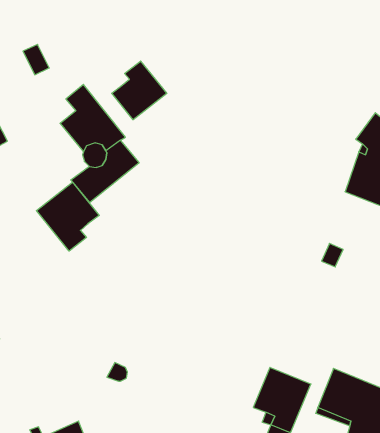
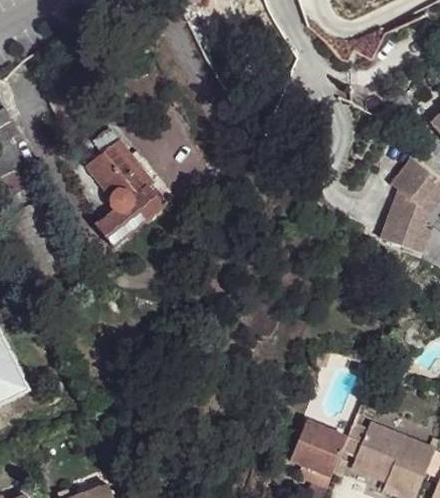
building: [112,61,167,120] -> none
building: [36,182,99,251] -> none

